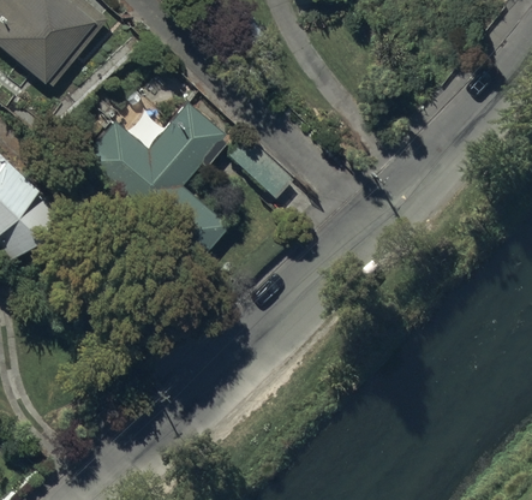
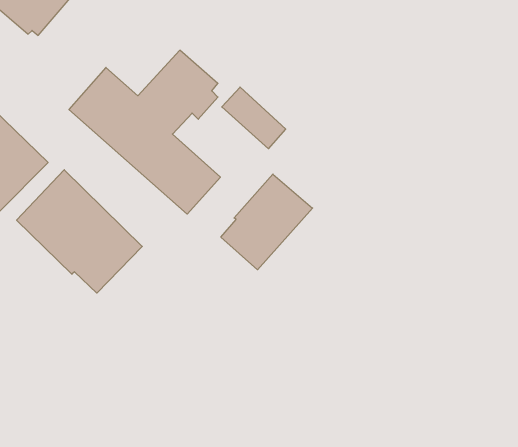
building: none -> [17,170,142,293]
building: none -> [221,174,313,270]

